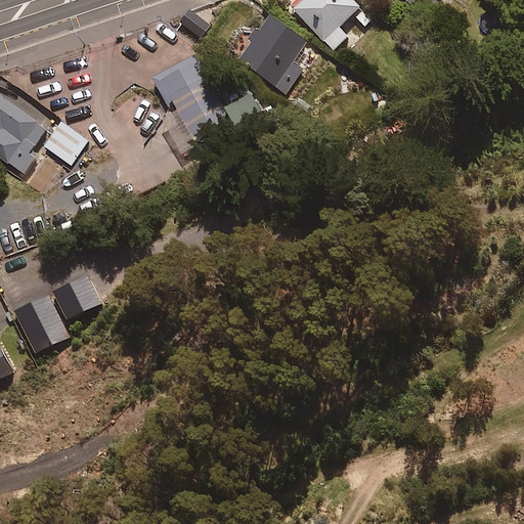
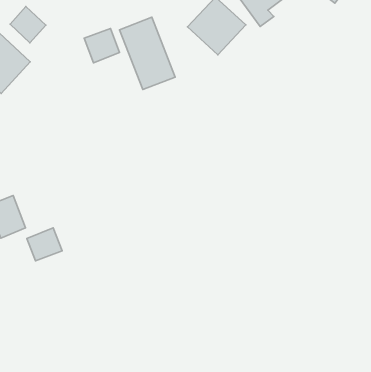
building: none -> [84,28,120,63]
building: [41,118,86,163] -> [10,6,46,43]
building: [53,276,99,320] -> [27,228,62,261]

